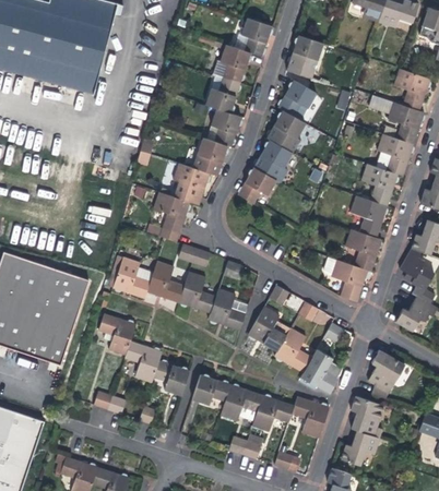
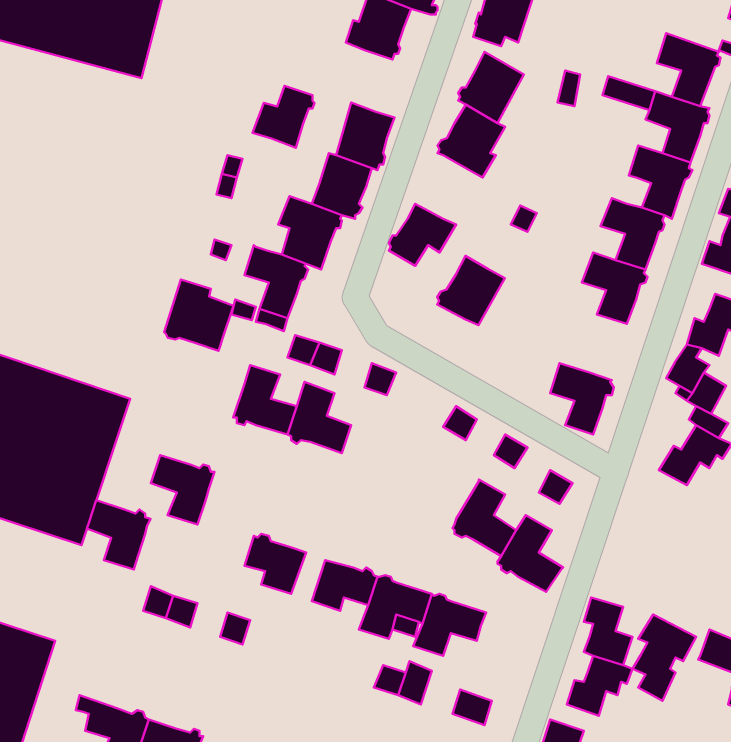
building: [205,77,241,113] -> [253,86,315,148]
building: [253,139,293,179] -> [437,256,505,325]
building: [345,229,383,271] -> none
building: [114,256,154,298] -> [164,280,233,351]
building: [209,288,247,330] -> none
building: [248,306,290,350] -> none
building: [126,340,163,381] -> [87,500,151,570]
building: [368,349,405,399] -> [633,614,696,701]
building: [292,396,330,436] -> none

